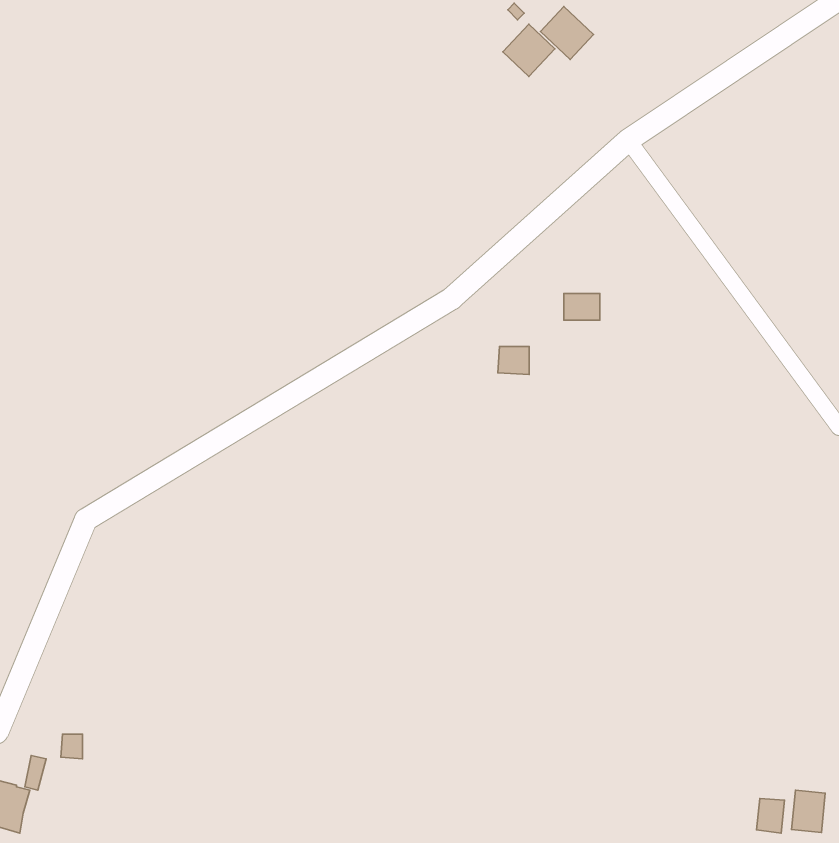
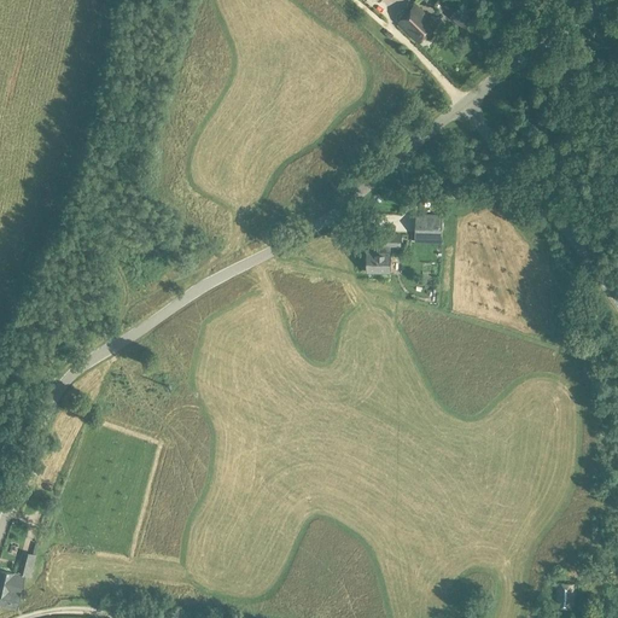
building: [503,24,555,76] -> none
building: [791,790,825,832] -> none

